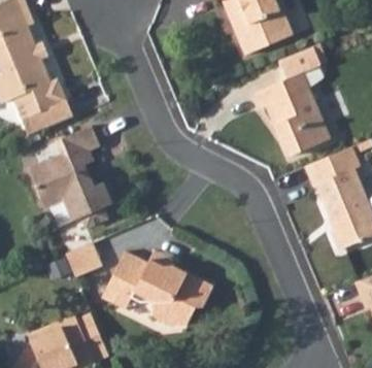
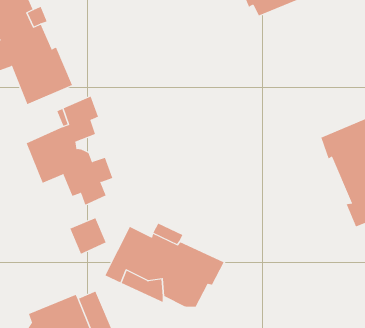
building: [255,44,332,154] -> none

